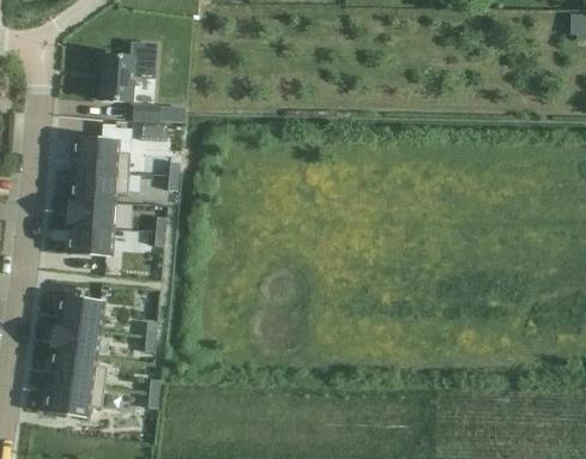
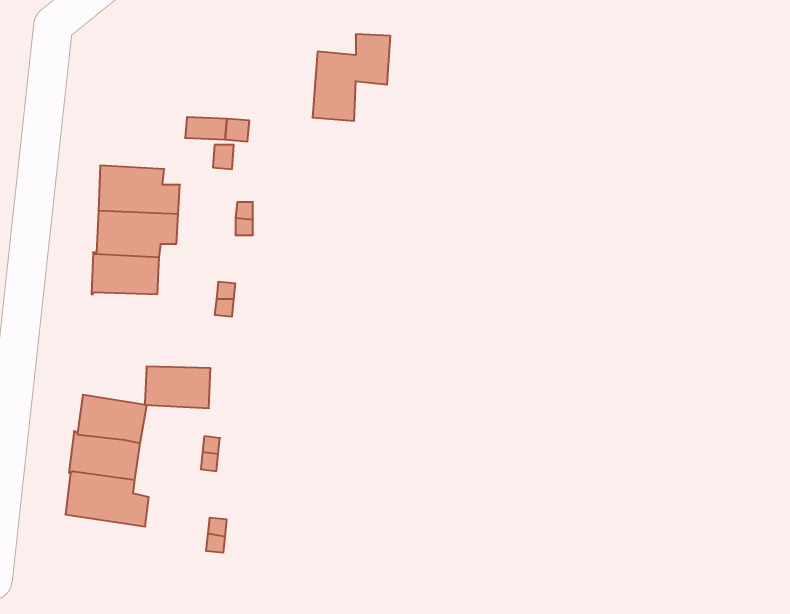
building: [101,42,155,102] -> [312,34,390,121]
building: [67,225,113,254] -> [145,367,211,408]
building: [44,379,104,416] -> none

